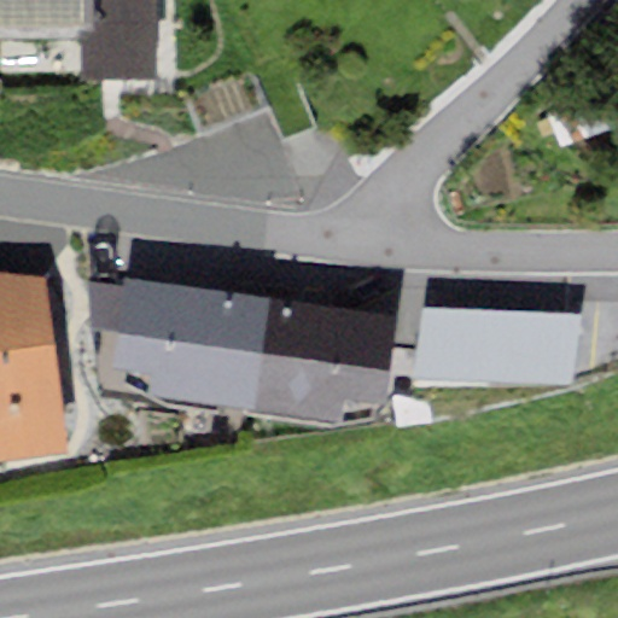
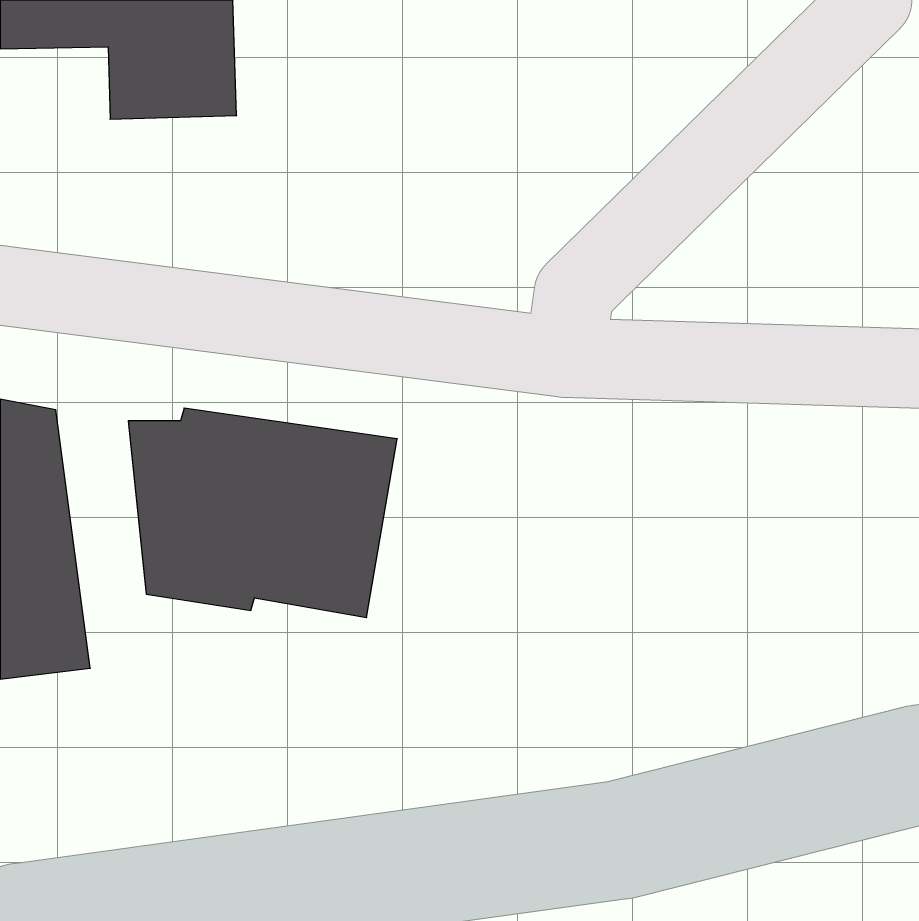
building: [247,295,393,425] -> none
building: [410,303,565,383] -> none

